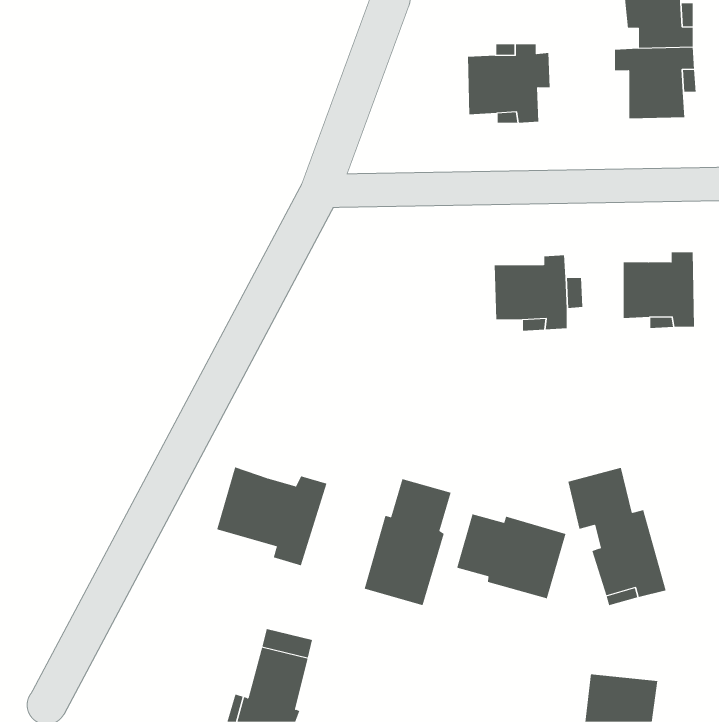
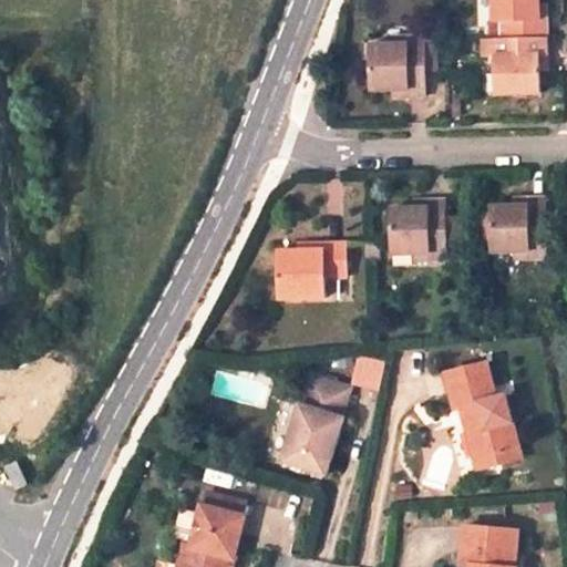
building: none -> [274,241,343,298]
building: none -> [347,351,382,389]
building: [217,467,327,566] -> none
building: [456,513,566,599] -> none

